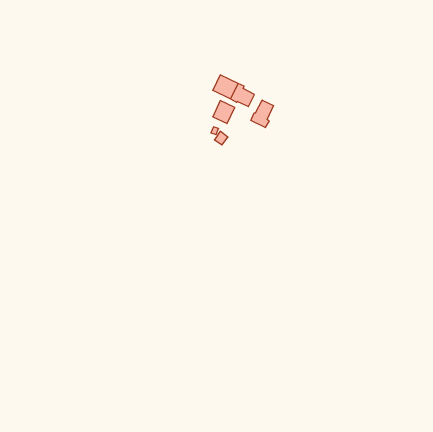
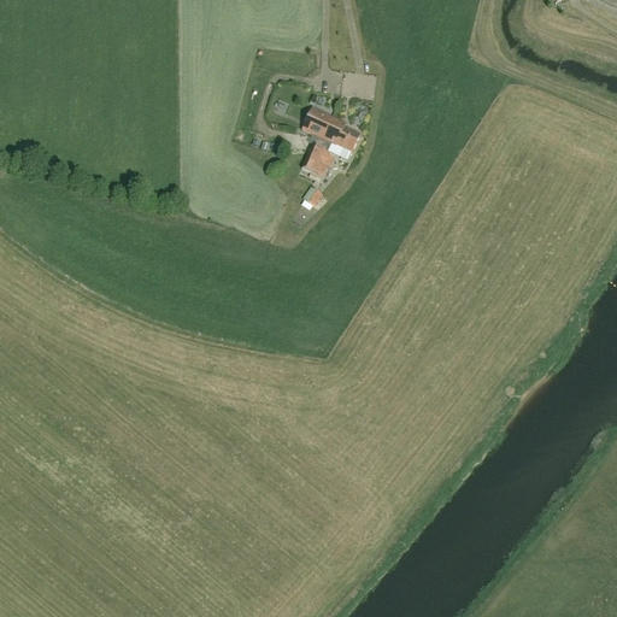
building: [251,100,273,128] -> none

